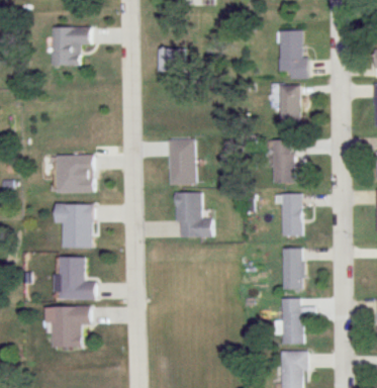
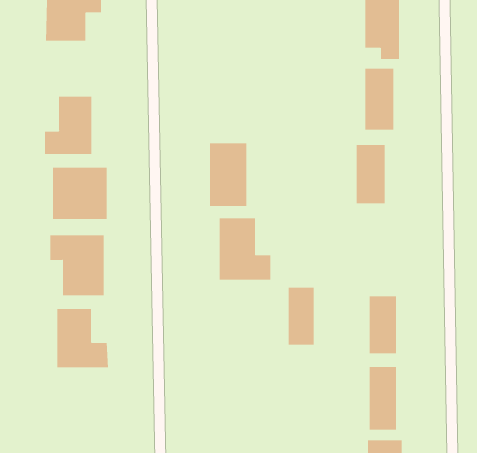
building: [159,48,187,72] -> none
building: none -> [44,96,92,155]
building: [282,194,301,235] -> [288,287,315,345]
building: [51,306,90,347] -> none

